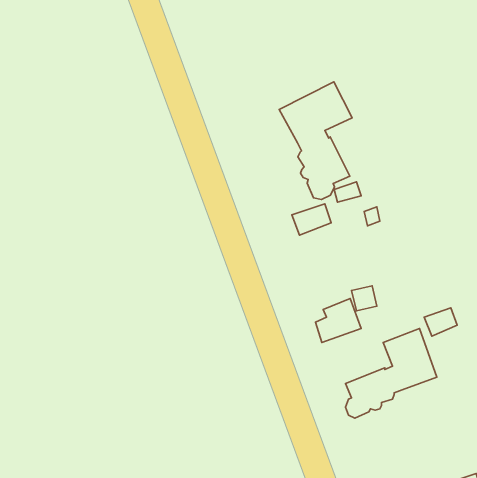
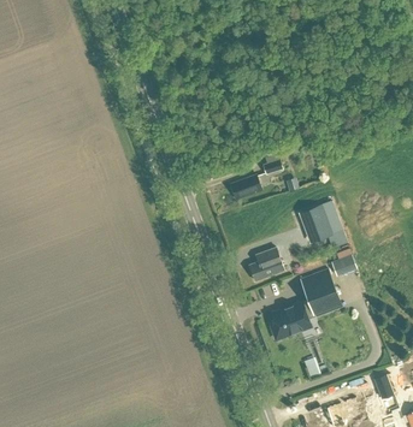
building: [279,82,352,200] -> none
building: none -> [299,200,344,243]

